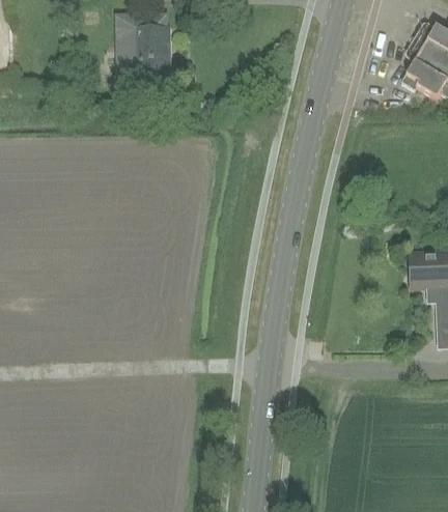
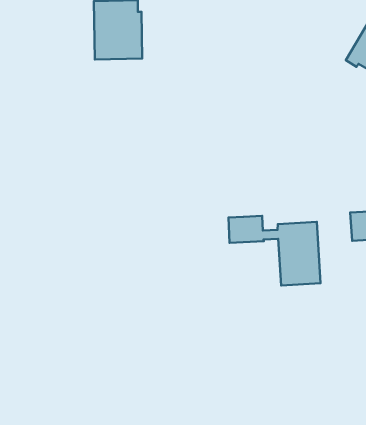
building: none -> [229,216,320,285]

